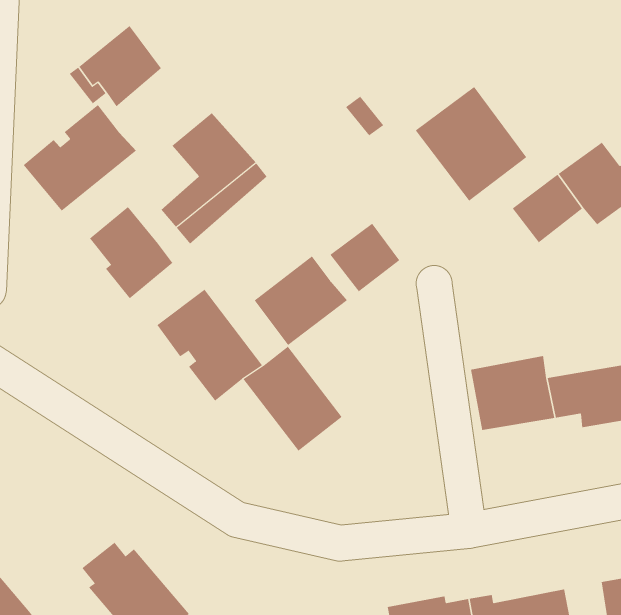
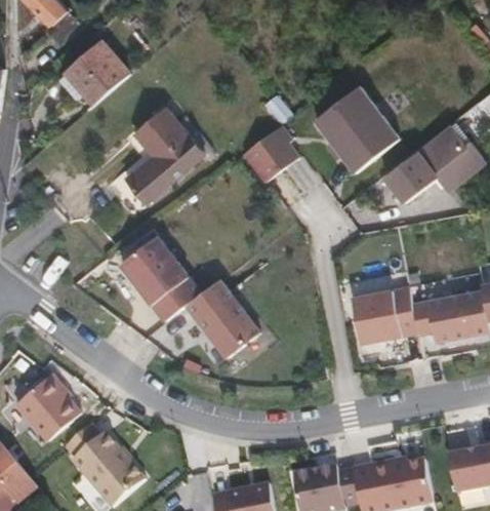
building: [23,104,137,211] -> none
building: [89,206,173,299] -> none
building: [329,223,400,292] -> [244,128,296,180]
building: [254,256,348,346] -> none
building: none -> [16,375,80,440]

